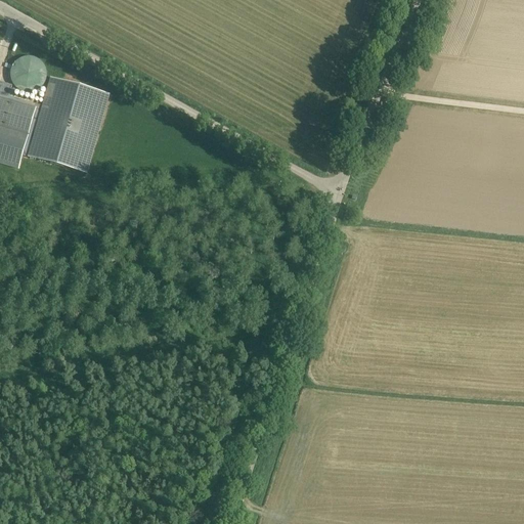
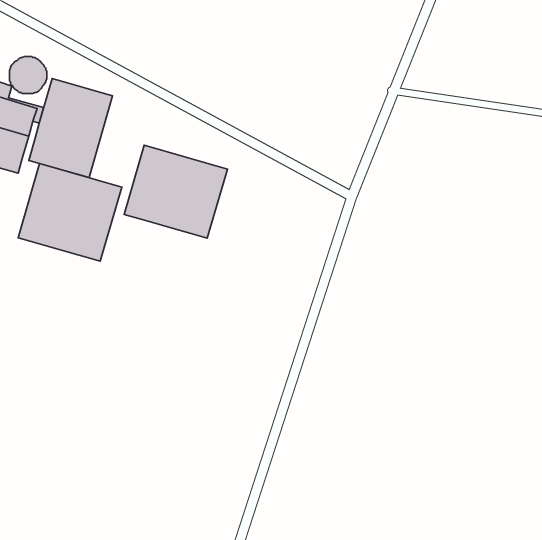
building: none -> [124,145,227,238]
building: none -> [18,164,122,261]

